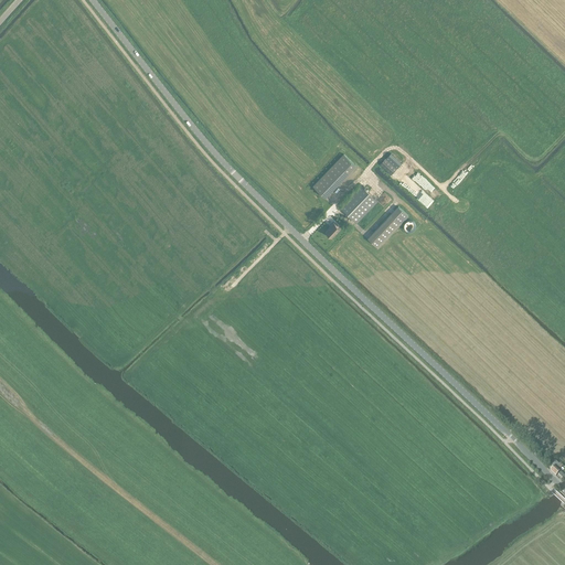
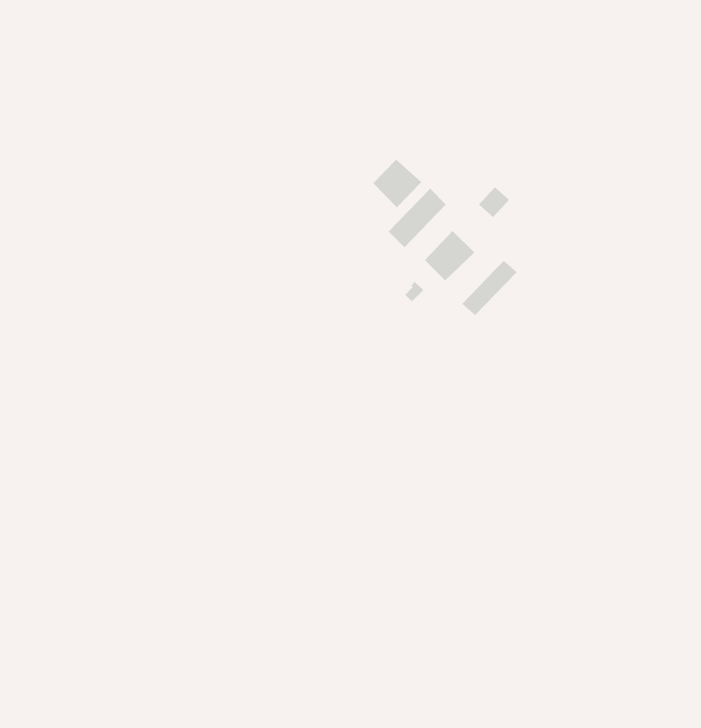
building: none -> [373,159,422,208]

